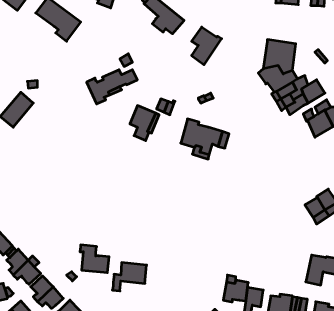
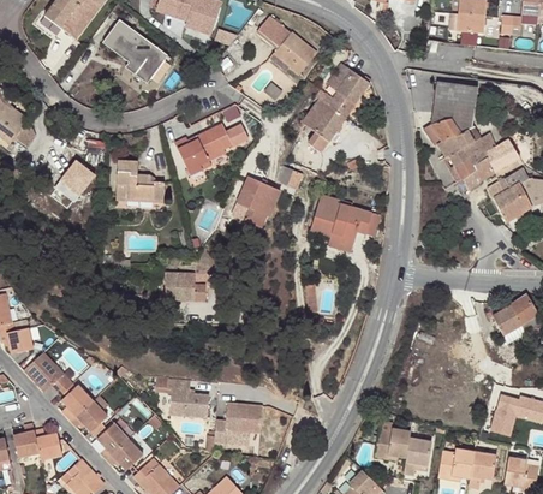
building: none -> [300,89,346,153]
building: none -> [118,161,165,200]
building: none -> [163,272,209,300]

